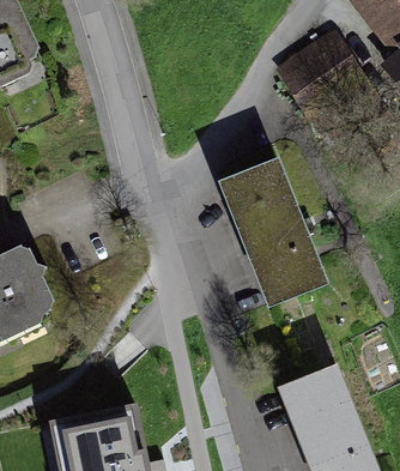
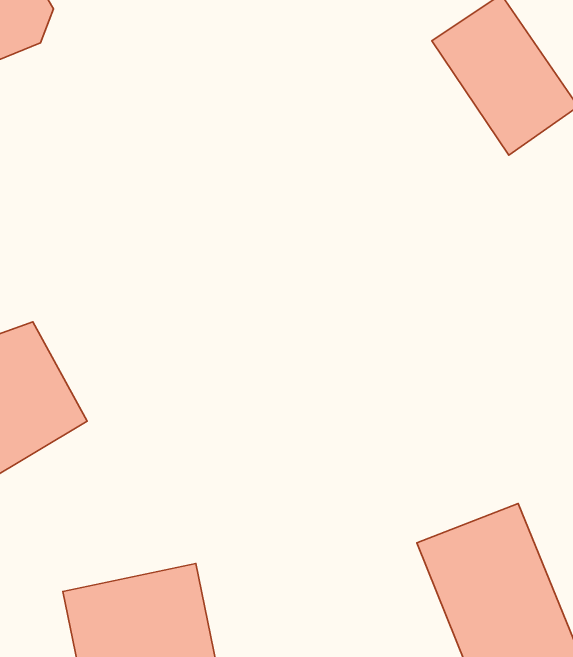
building: [219,158,323,301] -> none

